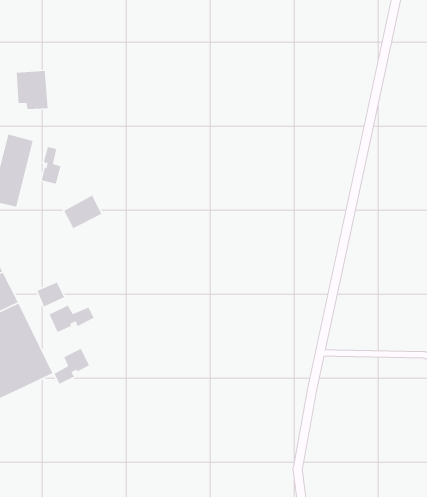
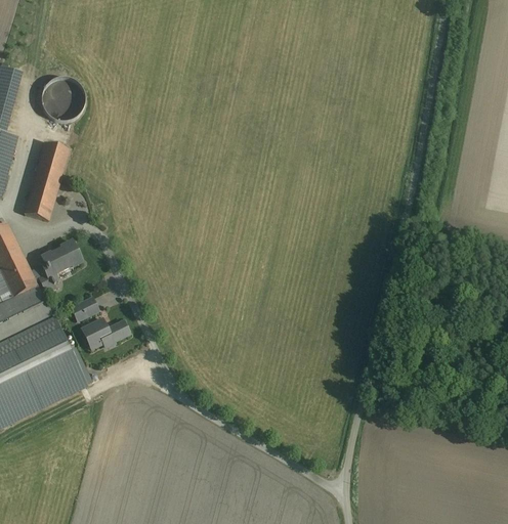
building: [41,146,61,185] -> none
building: [63,195,103,229] -> [41,238,82,274]
building: [53,348,90,385] -> none

